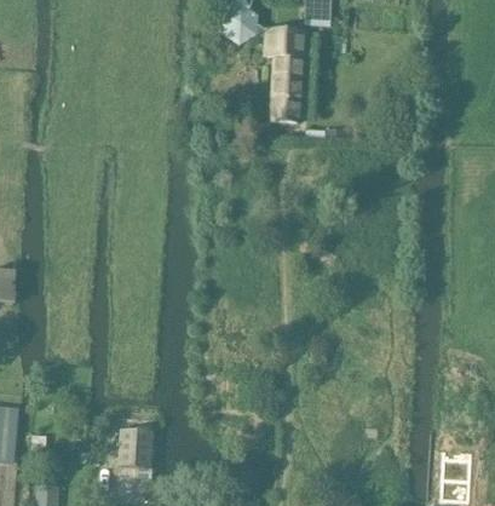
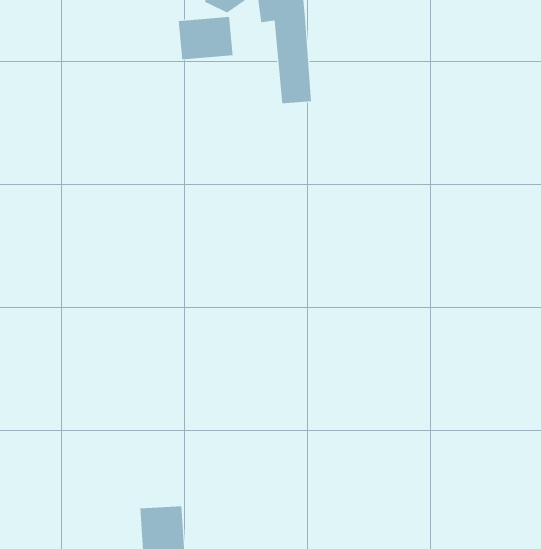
building: none -> [178,16,233,60]

